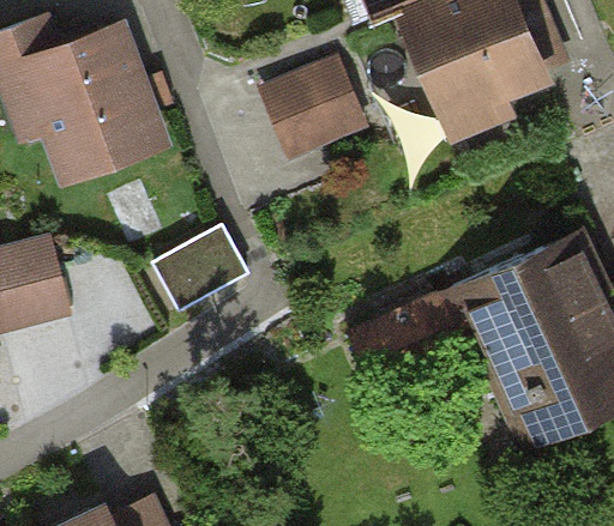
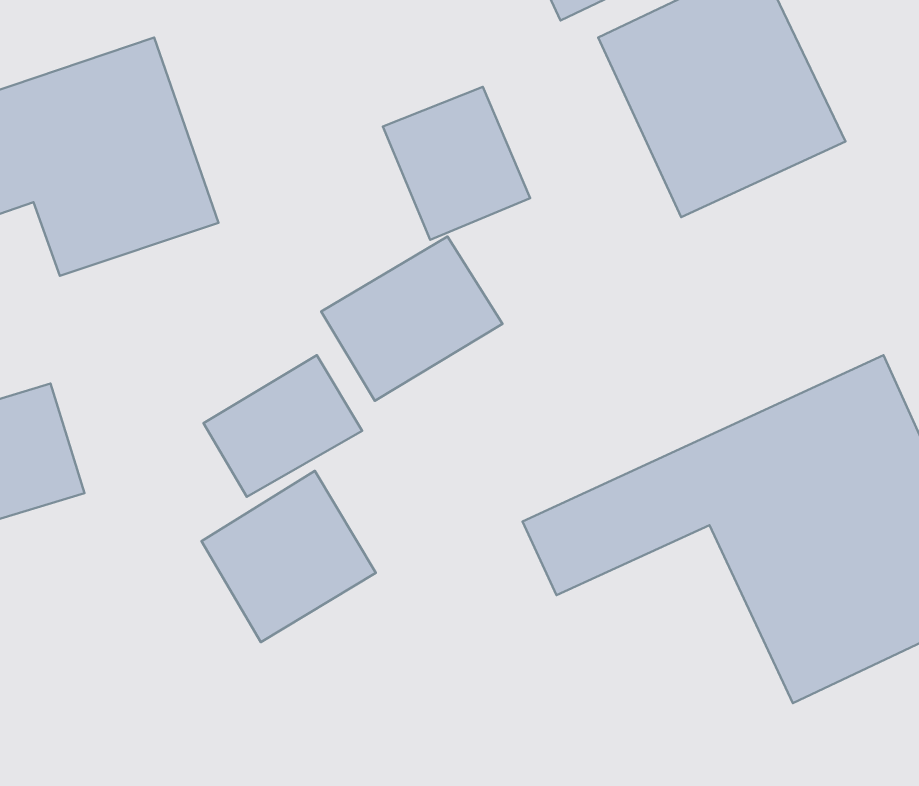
building: none -> [321,236,503,401]
building: none -> [201,471,376,642]

